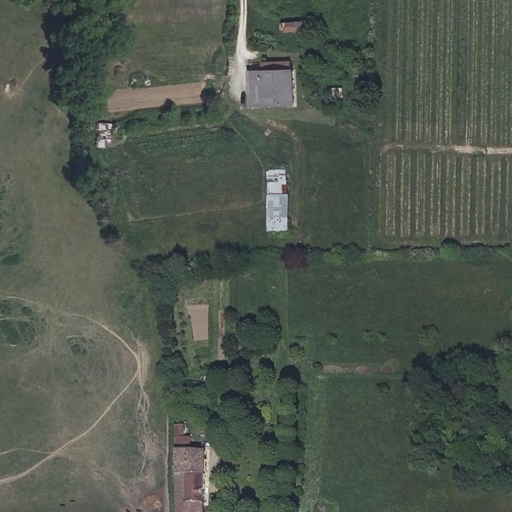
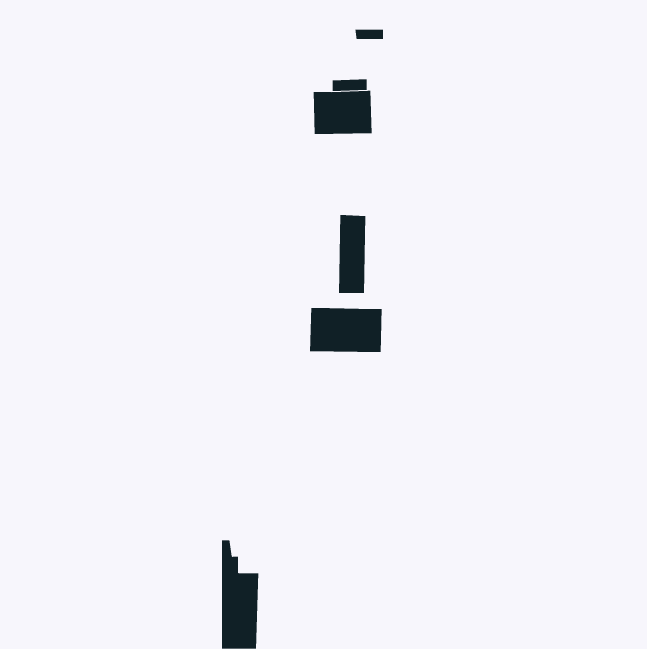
building: none -> [310,307,382,353]

